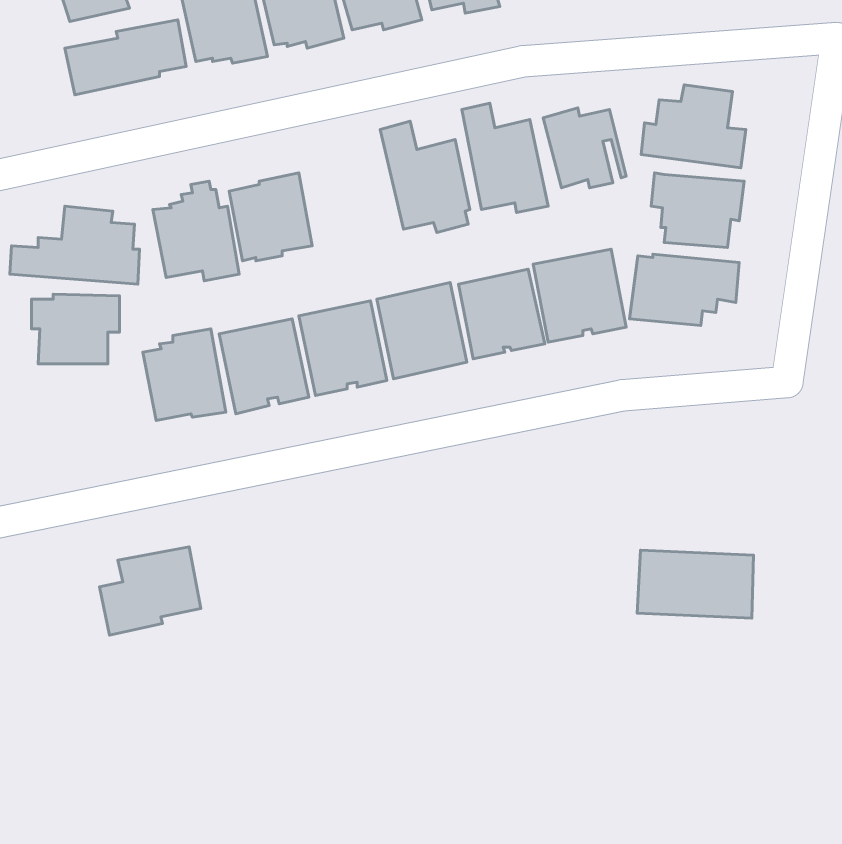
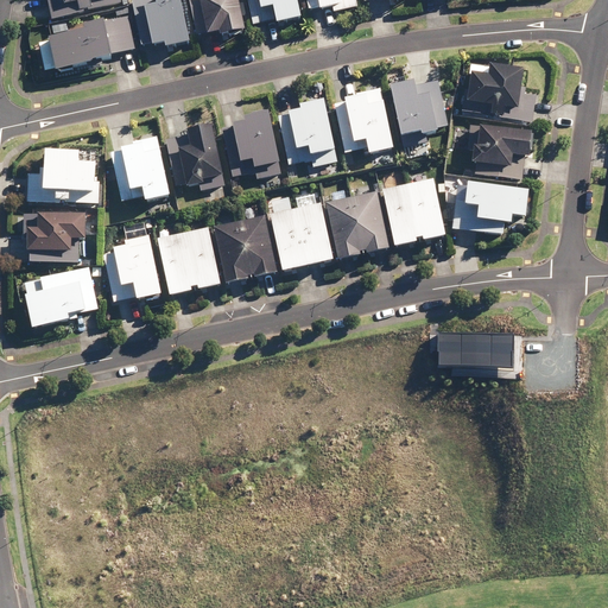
building: none -> [222,112,280,178]
building: [100,547,201,635] -> [26,265,99,328]
building: [637,550,753,618] -> [426,335,509,384]

